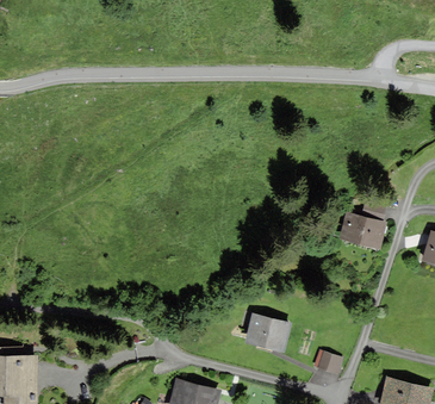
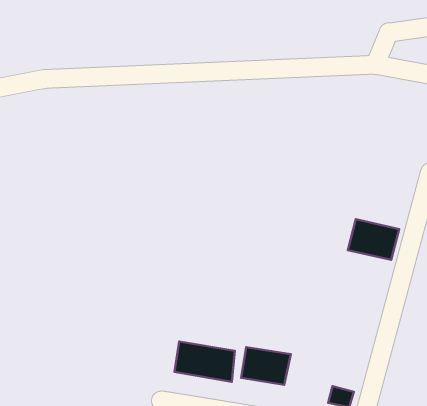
building: none -> [174,342,235,382]

